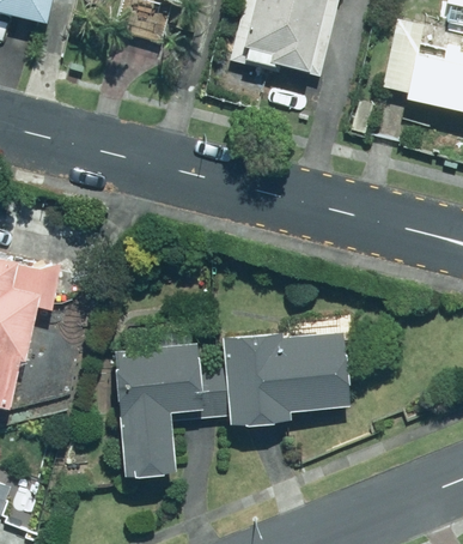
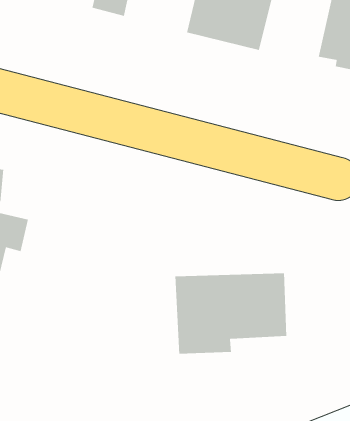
building: [109,328,203,471] -> none

